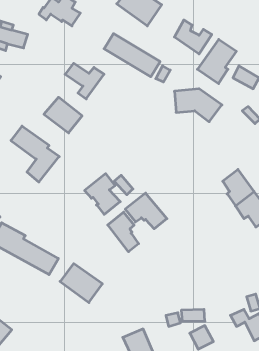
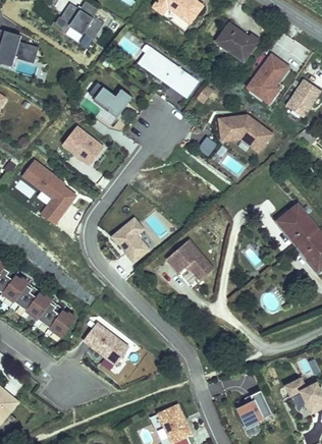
building: [108,212,139,252] -> none

